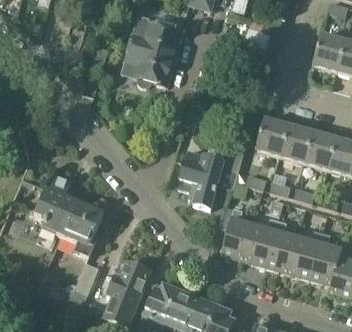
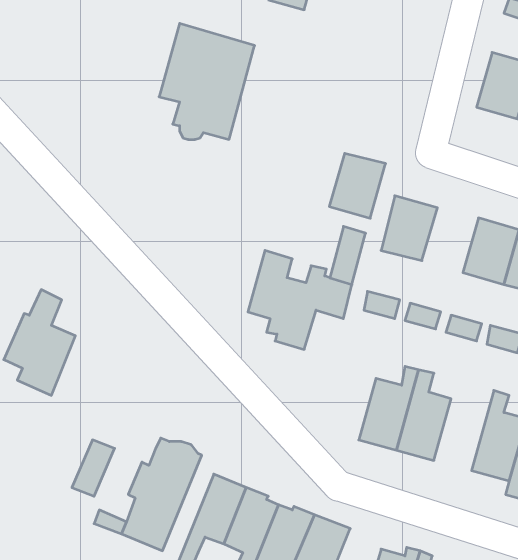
building: [279,124,312,162] -> [329,153,386,218]
building: [62,199,103,254] -> none
building: [220,207,252,260] -> none
building: [286,229,321,278] -> none

